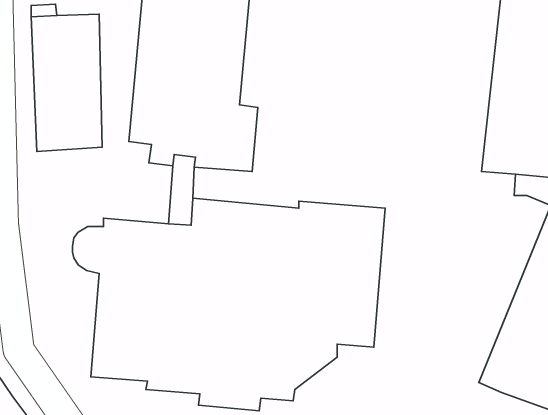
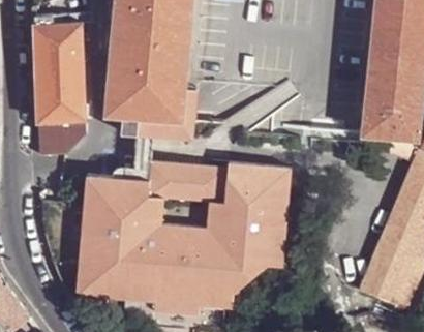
building: none -> [36,120,84,158]

